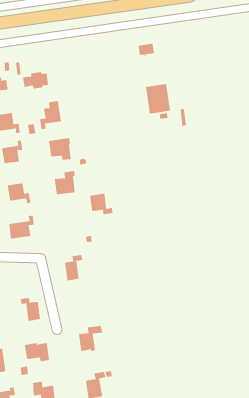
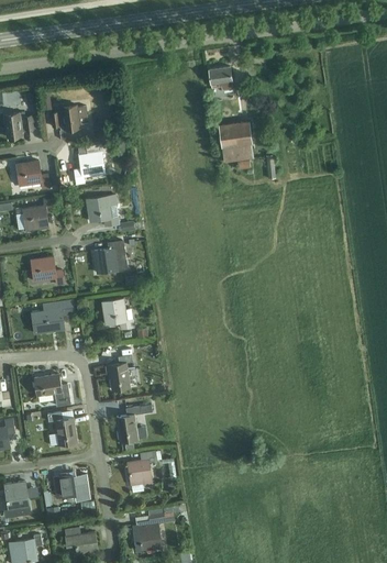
building: [89,193,113,215] -> [101,299,134,329]
building: none -> [34,375,69,399]
building: none -> [115,407,145,442]

